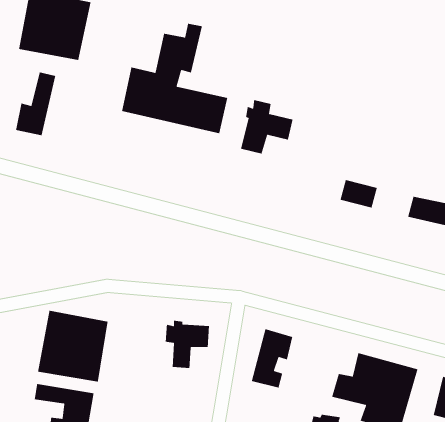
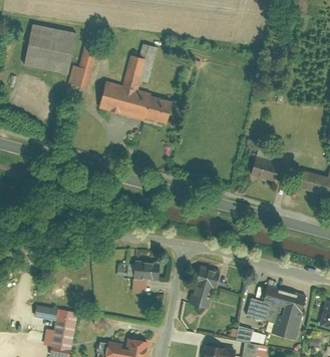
building: [15,71,56,136] -> [68,44,97,90]
building: [240,99,293,155] -> none
building: [37,310,108,382] -> none

